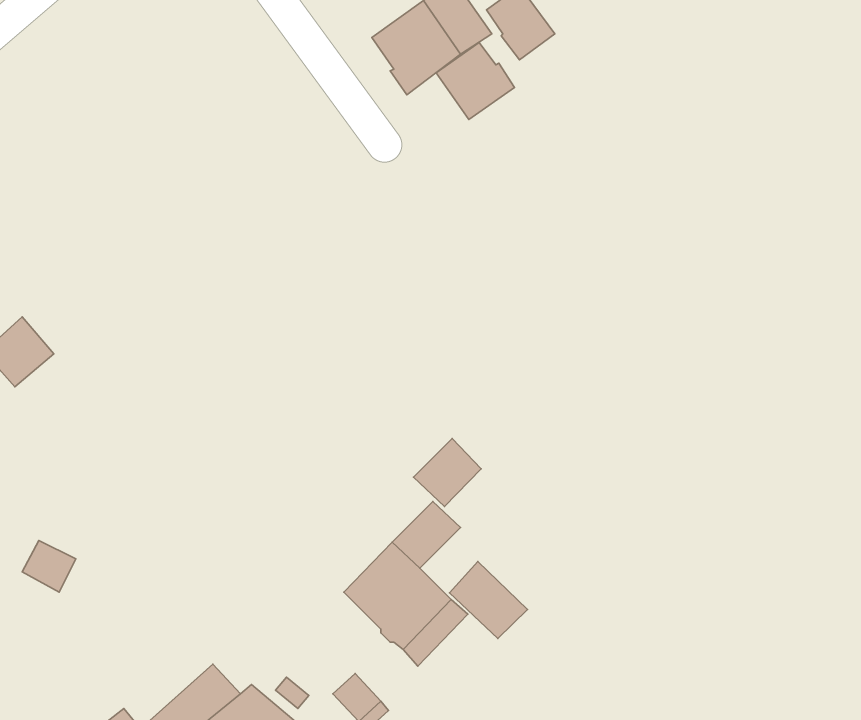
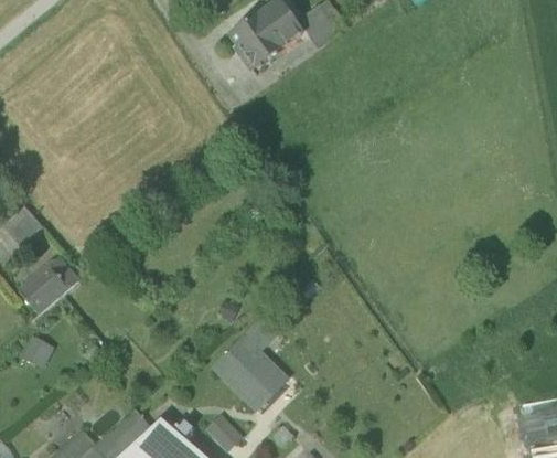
building: [436,42,515,119] -> none
building: none -> [20,255,79,312]
building: [413,438,481,507] -> none
building: [449,561,528,639] -> none

